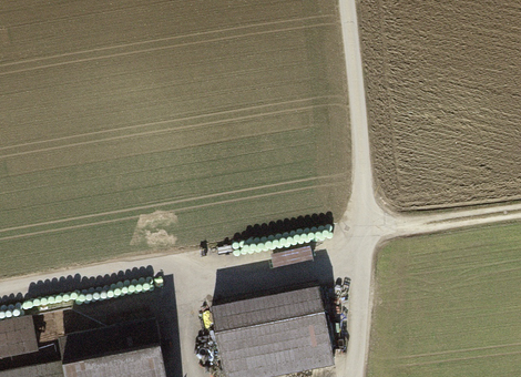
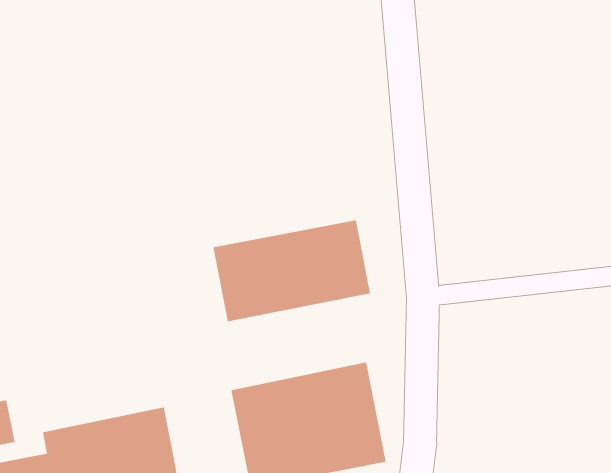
building: none -> [213,219,371,322]

